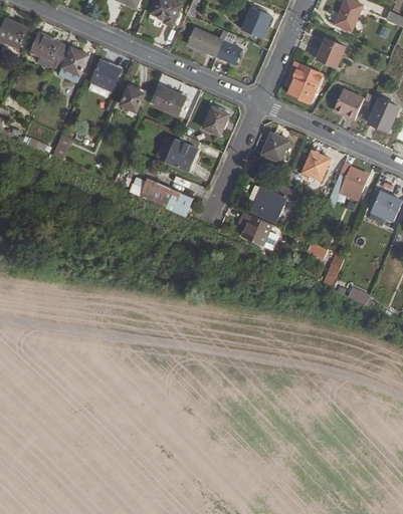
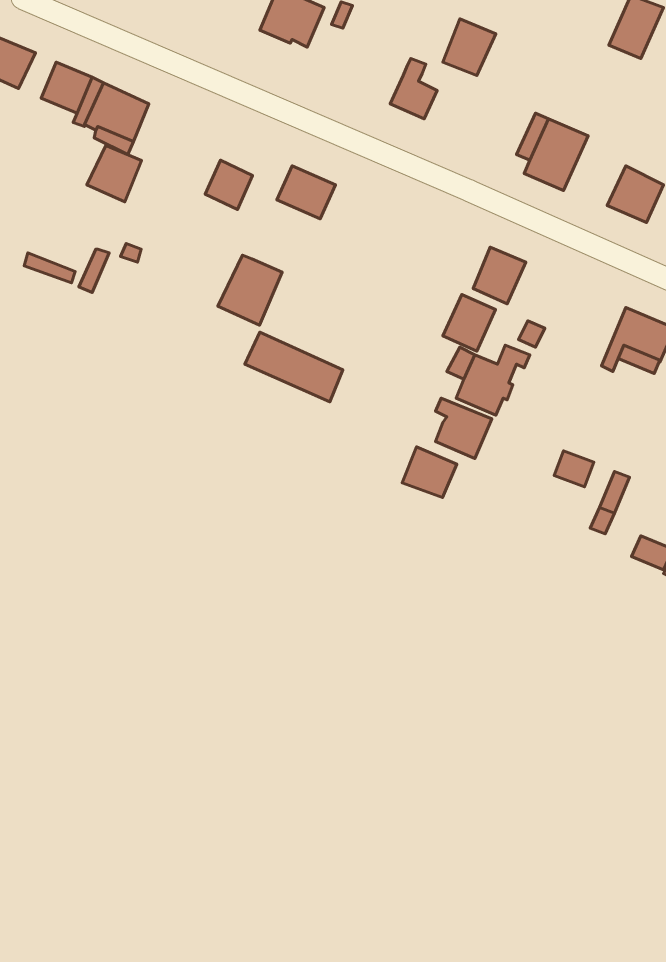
building: [198,29,227,55] -> none
building: [317,37,345,66] -> none
building: [90,61,120,91] -> [87,145,142,202]
building: [202,105,228,135] -> none
building: [165,133,199,170] -> [218,255,282,325]
building: [300,150,329,180] -> [443,294,496,351]
building: none -> [402,447,457,497]

